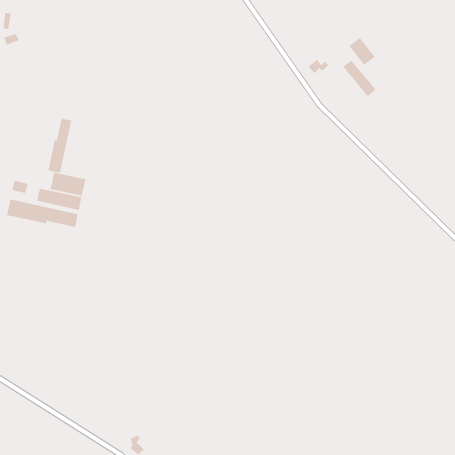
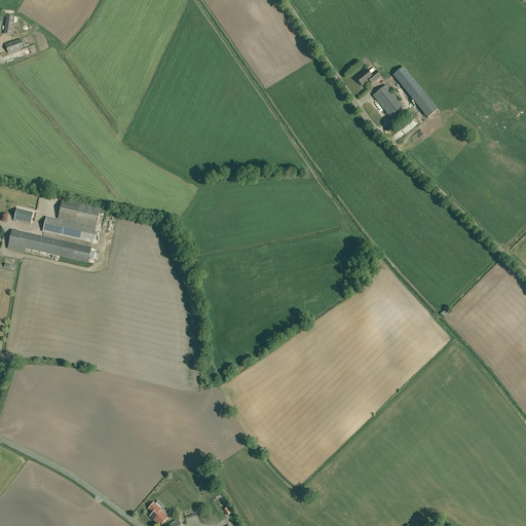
building: [349,37,375,66] -> [372,84,403,117]
building: [48,118,72,174] -> none

